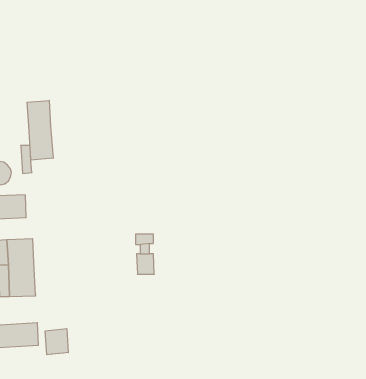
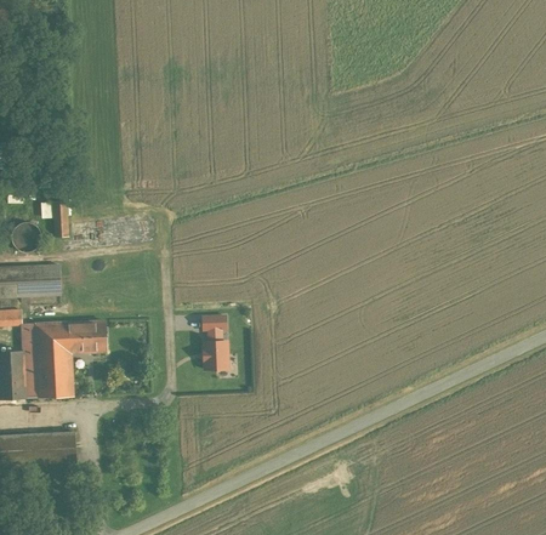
building: [27,100,53,160] -> none
building: none -> [69,320,107,352]
building: [45,329,68,355] -> none

